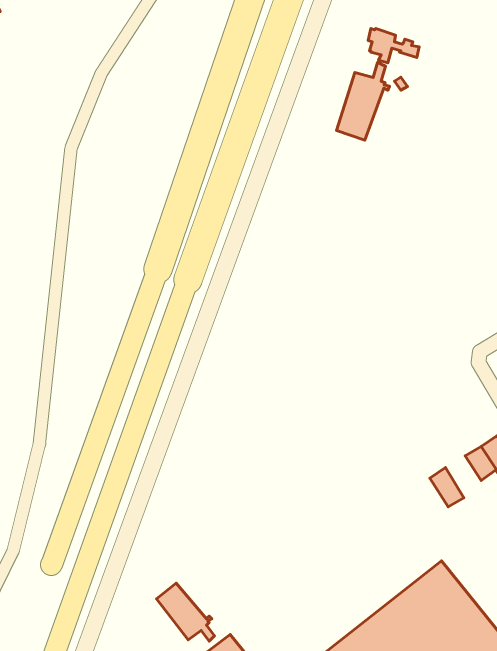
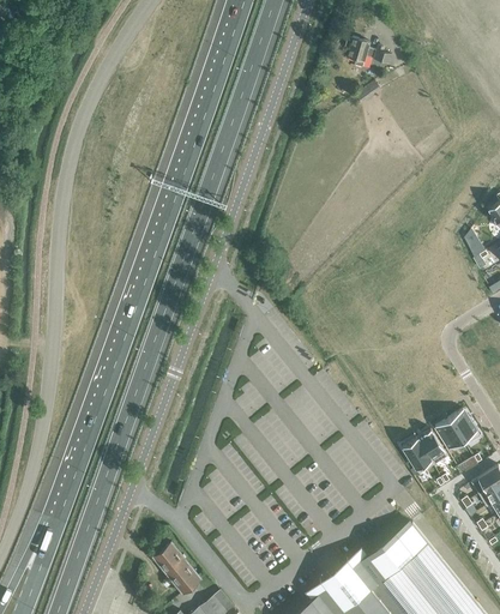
building: [336,62,390,140] -> none
building: none -> [416,429,447,465]

